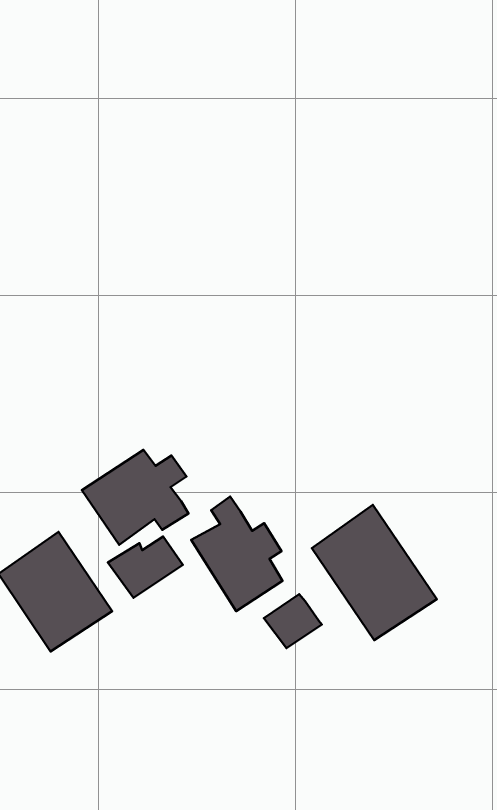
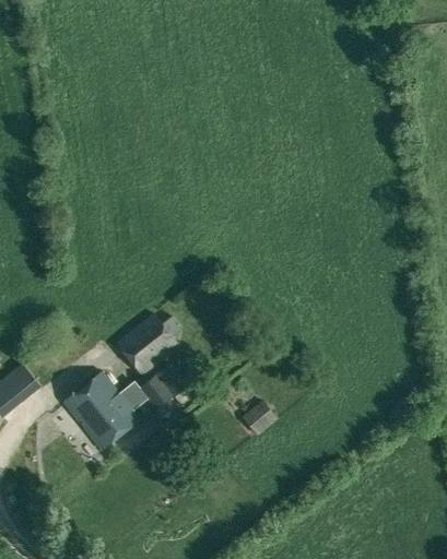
building: [191,497,283,611] -> none
building: [312,505,437,640] -> none

